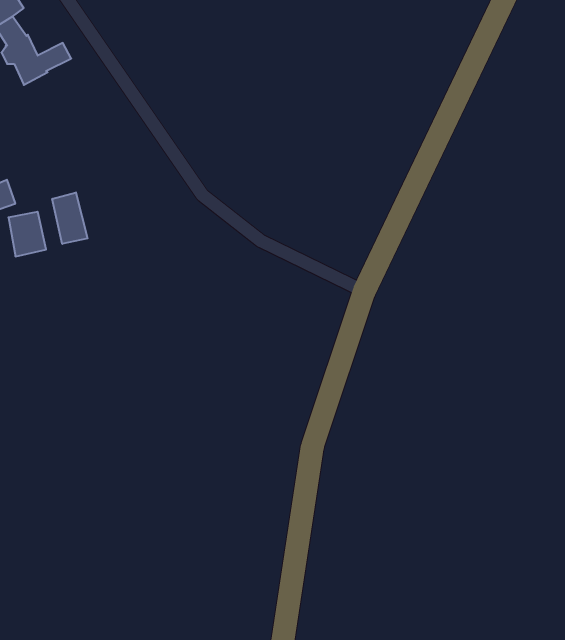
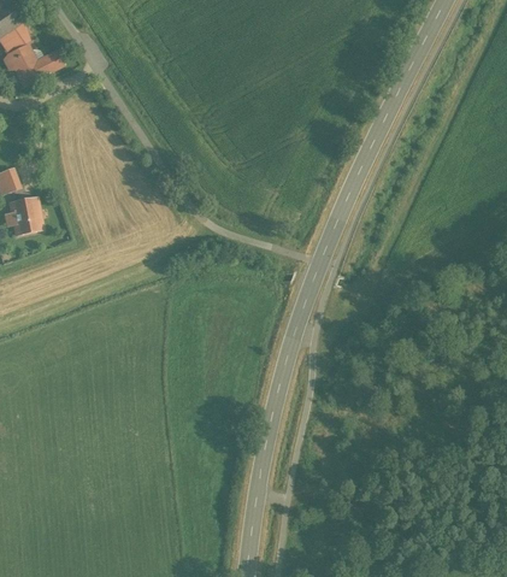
building: [52,192,88,244] -> none

